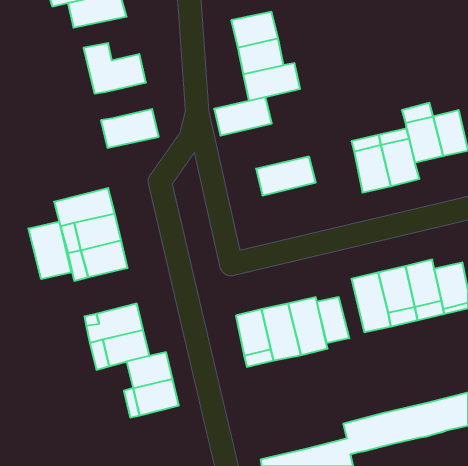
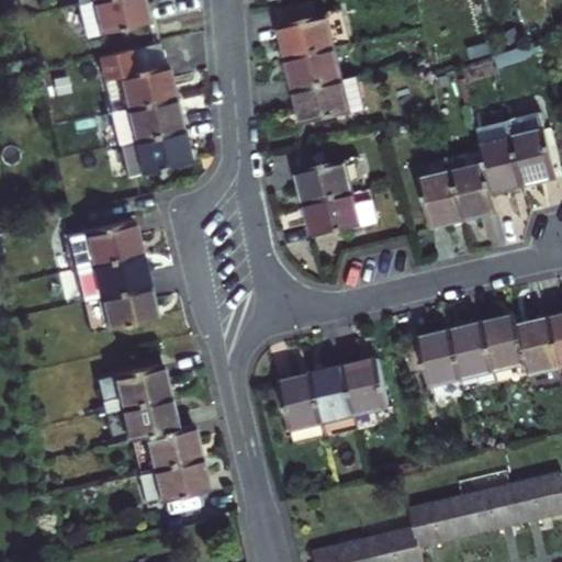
building: none -> [126,99,182,142]
building: [214,97,272,136] -> [299,156,368,202]
building: [28,221,71,279] -> none
building: [317,297,349,343] -> none

